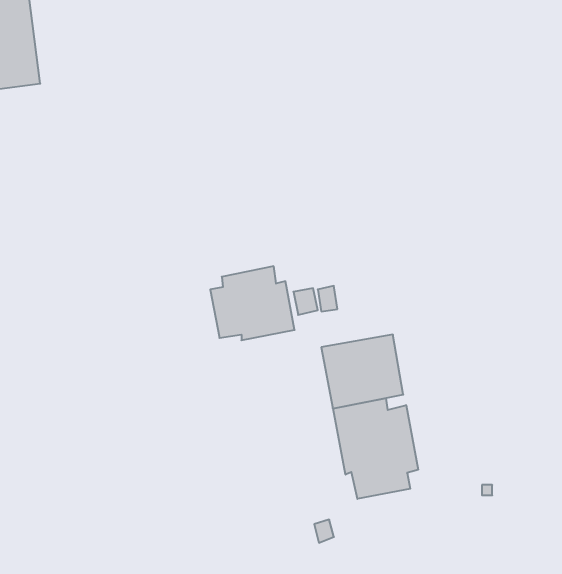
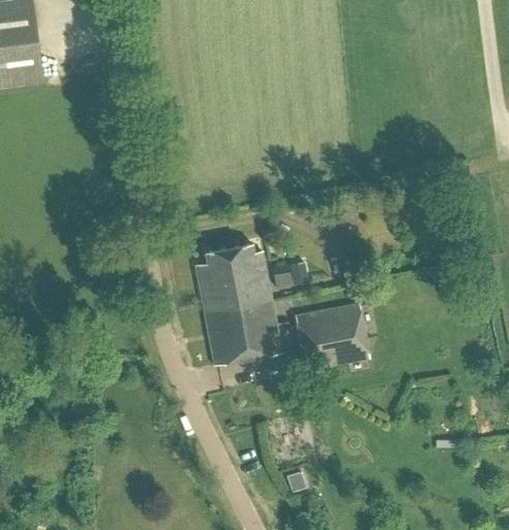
building: none -> [202,299,278,362]
building: [333,398,418,499] -> none

